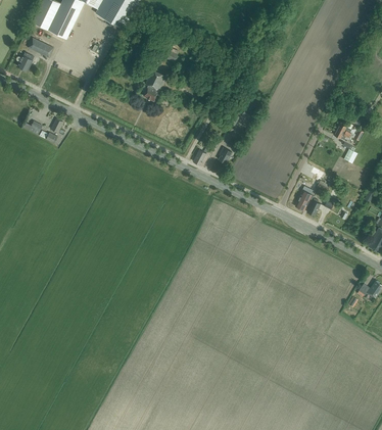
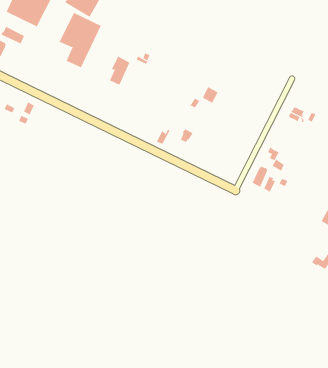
building: none -> [59,12,101,68]

